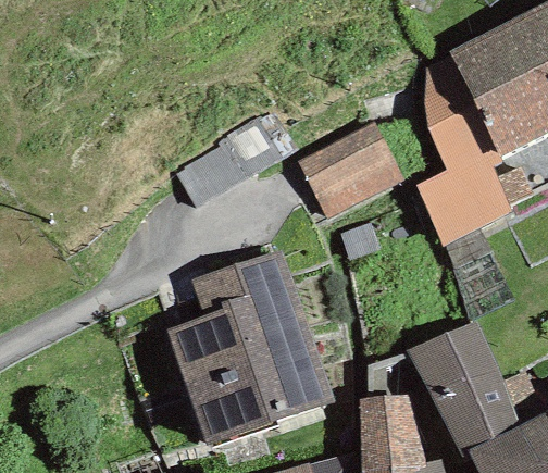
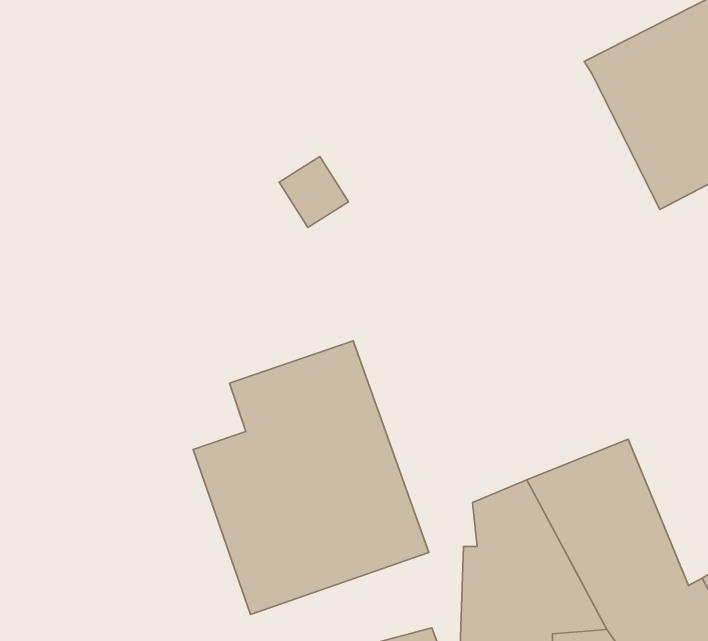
building: [415,59,514,248] -> none
building: [299,127,400,219] -> none

